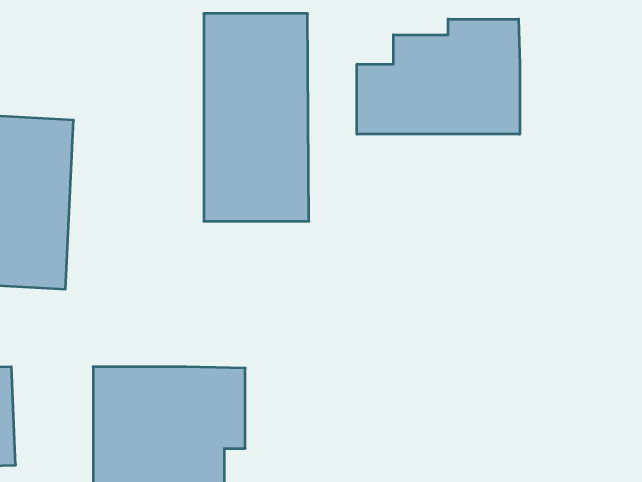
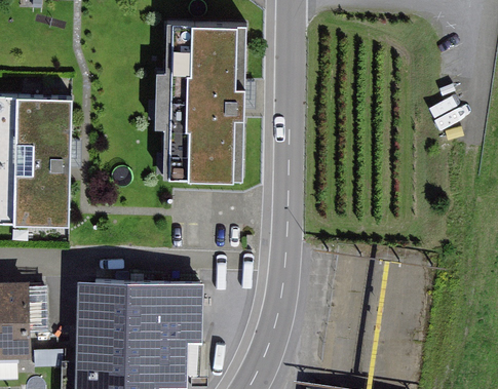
building: [357,19,520,134] -> none

